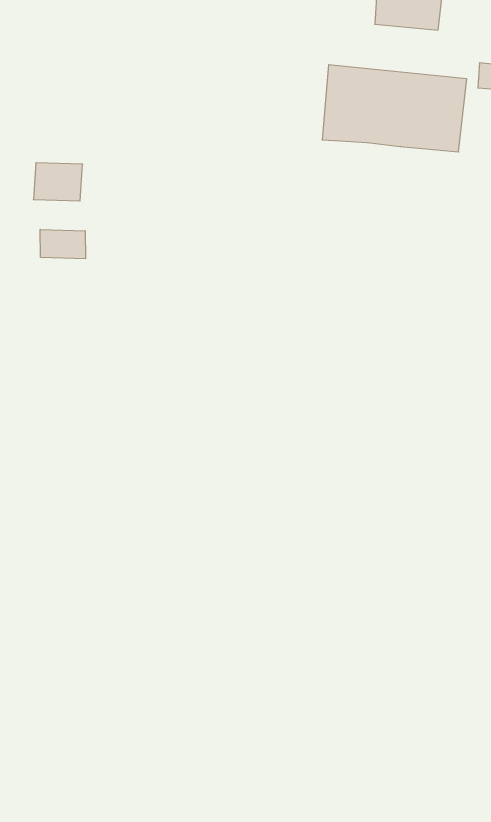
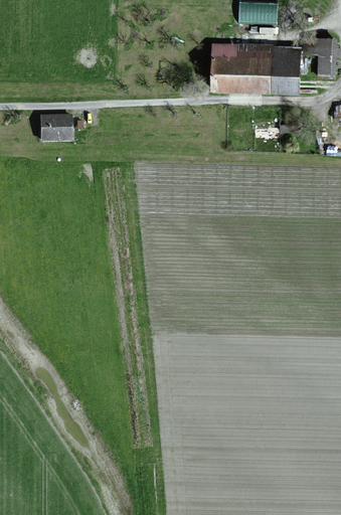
building: [40,229,86,259] -> none

